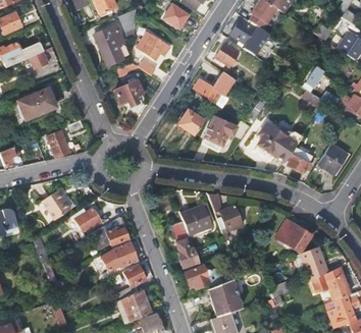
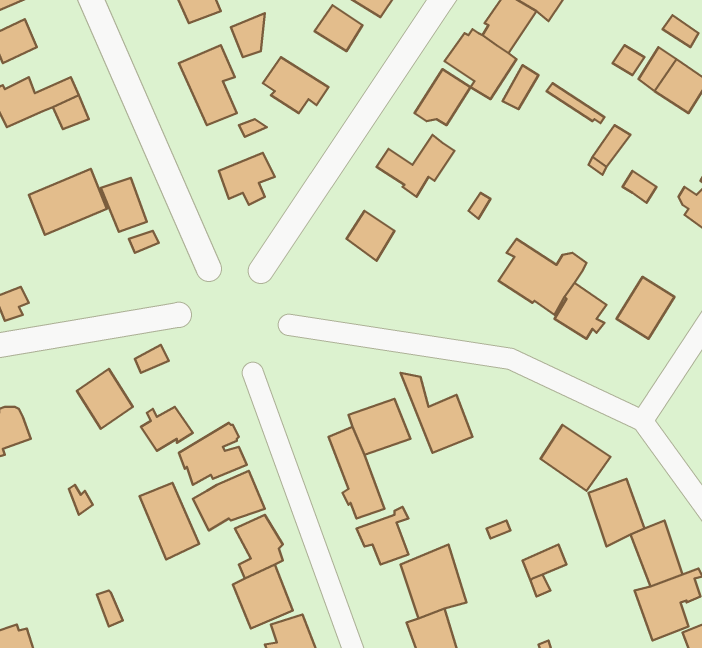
building: [204,115,237,146] -> none
building: [47,129,70,157] -> [101,178,147,232]
building: none -> [139,483,199,559]

